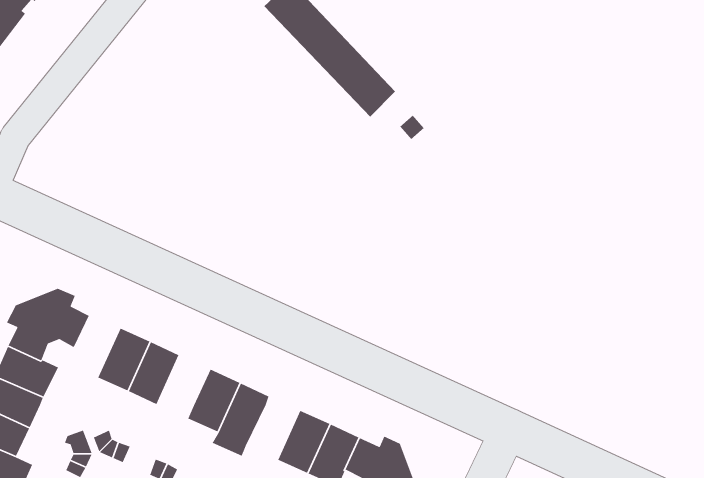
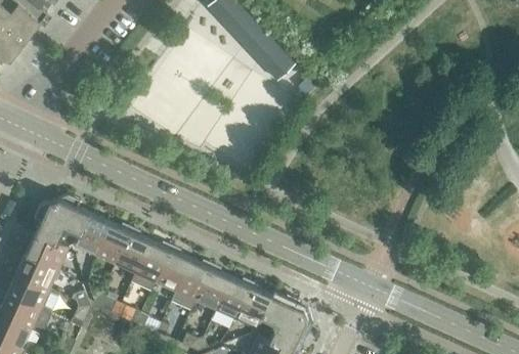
building: none -> [73,214,110,256]
building: none -> [131,240,170,291]
building: none -> [194,268,230,311]

